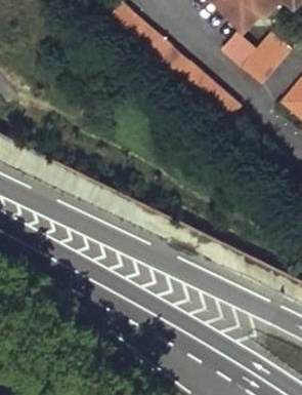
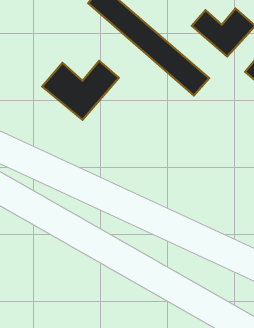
building: none -> [42,61,119,120]

